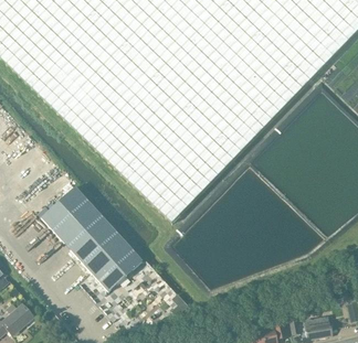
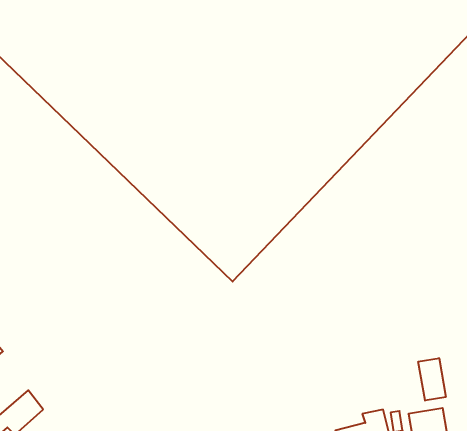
building: [41,187,139,289] -> none
building: none -> [418,358,446,401]

